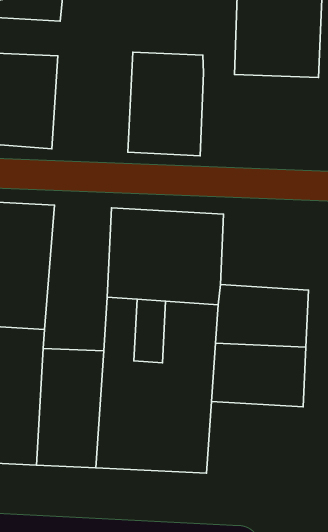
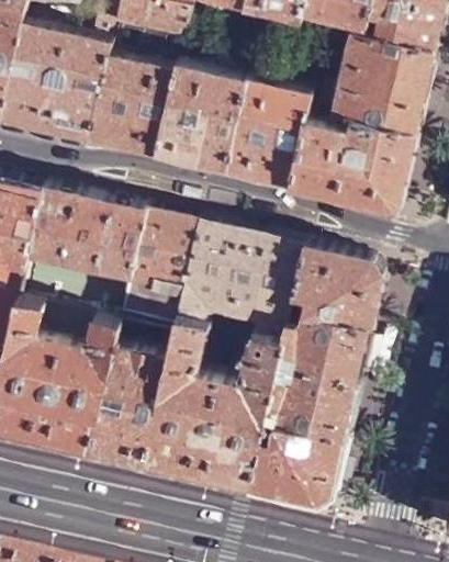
building: none -> [154,67,245,175]
building: none -> [291,113,414,211]
building: none -> [113,212,200,356]
building: none -> [289,248,383,333]
building: none -> [245,420,346,503]

